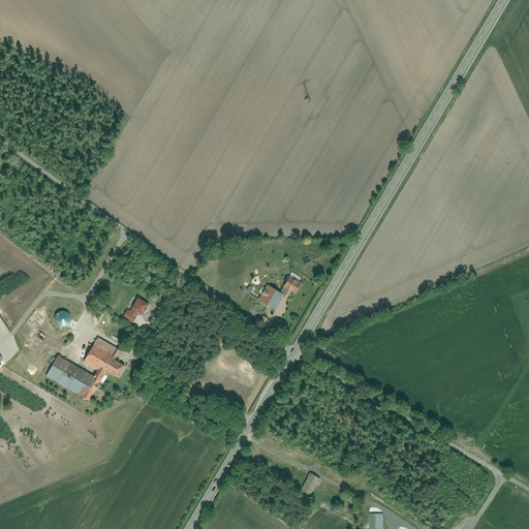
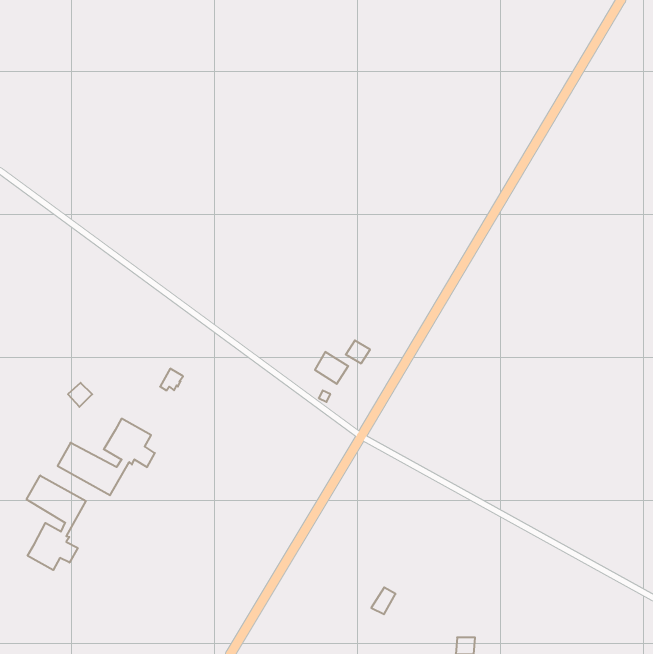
building: none -> [27,475,86,570]

